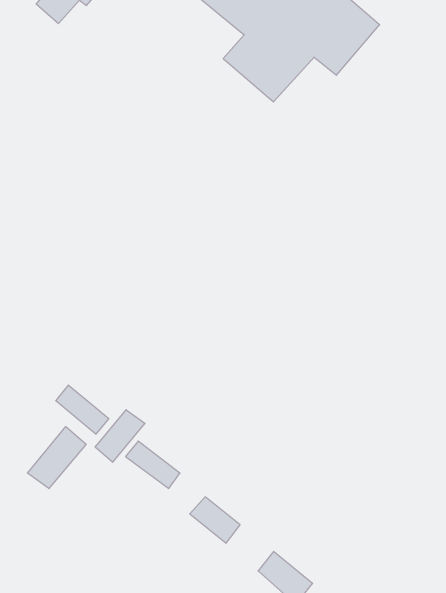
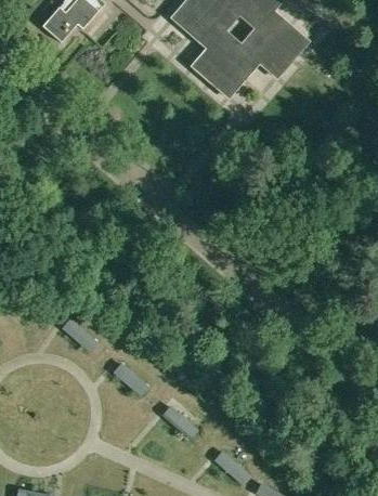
building: [95,410,145,462] -> none
building: [27,427,86,489] -> none

